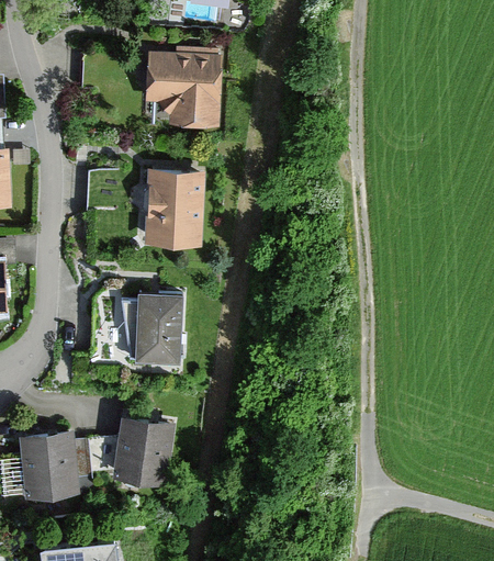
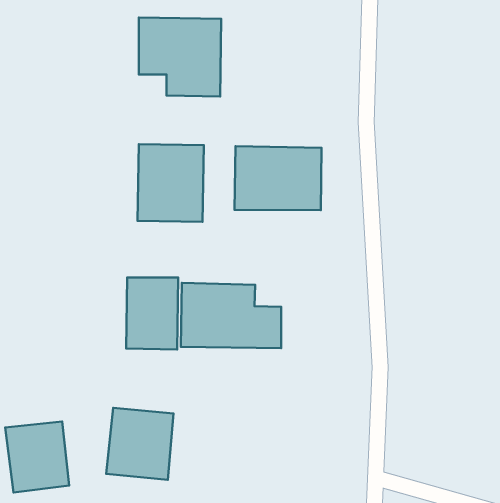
building: none -> [235,146,322,210]
building: none -> [181,283,281,348]

